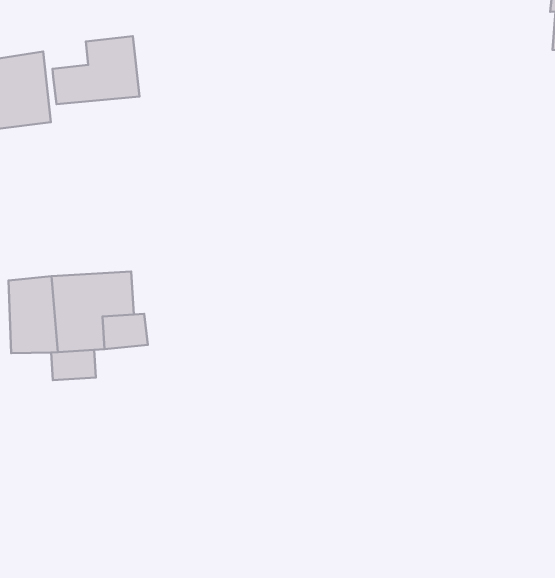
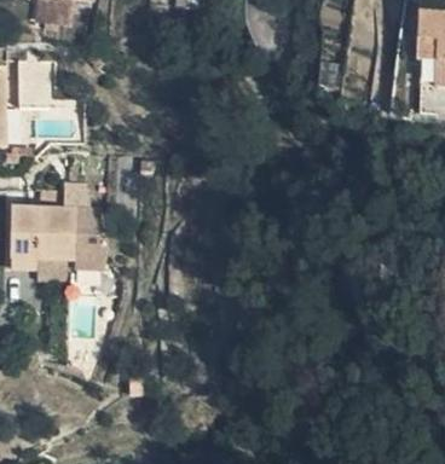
building: [52,36,140,104] -> none

